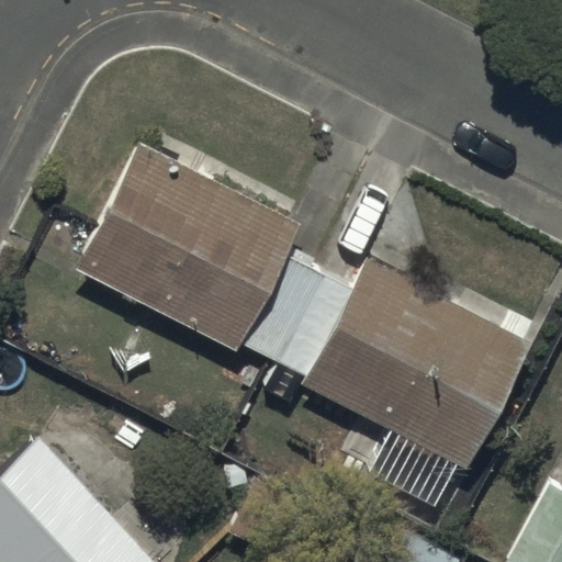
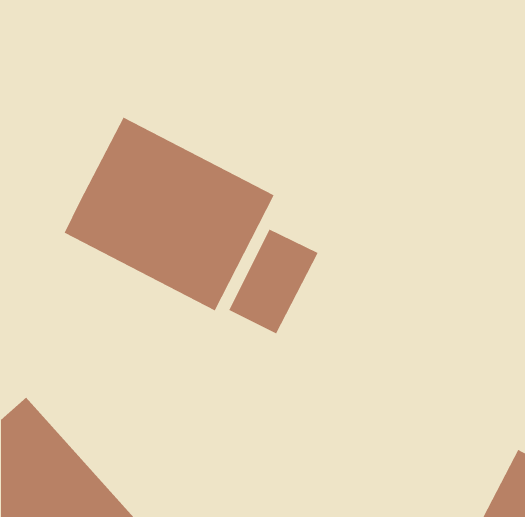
building: [308,265,530,460] -> none

